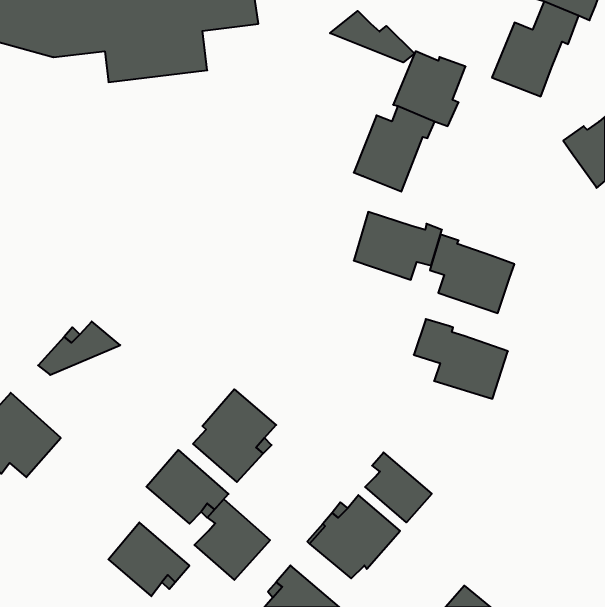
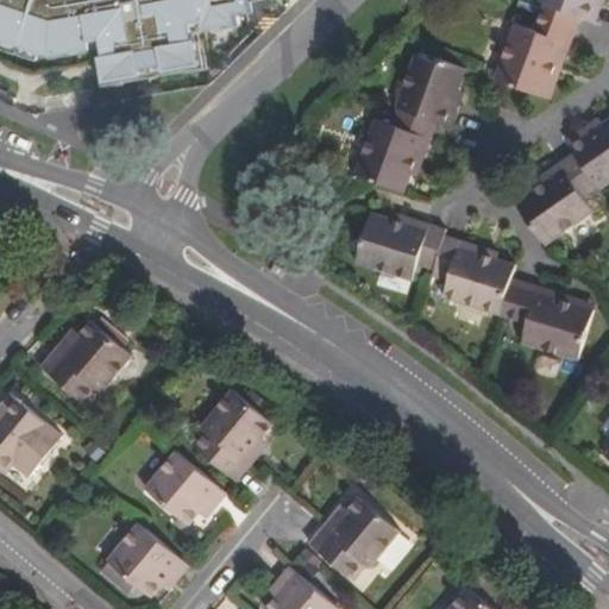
building: [330,11,415,62] -> none
building: none -> [513,152,595,244]
building: [414,319,508,399] -> [497,277,591,357]
building: none -> [50,345,134,406]
building: [365,452,432,522] -> none
building: [194,499,270,580] -> none

